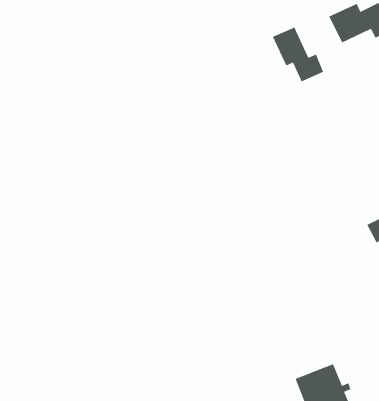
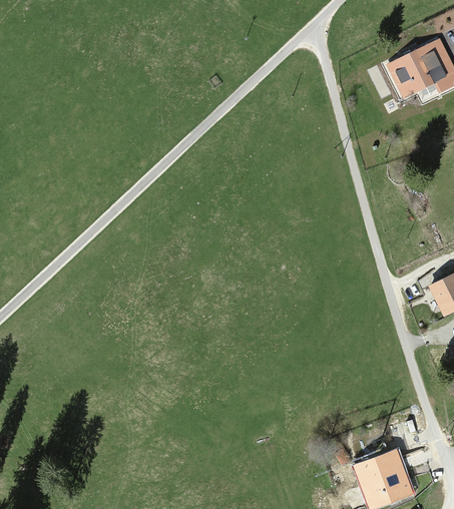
building: [272,27,324,83] -> none

